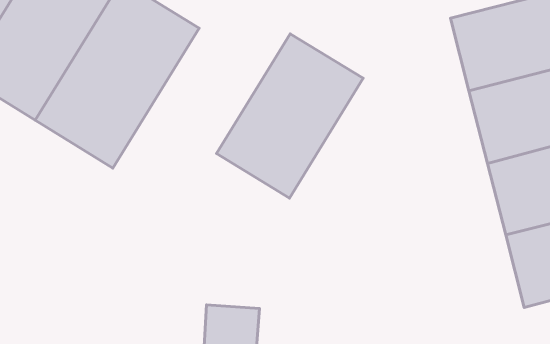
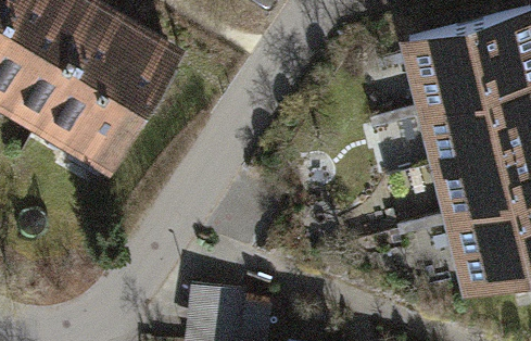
building: [216,34,363,198] -> none

